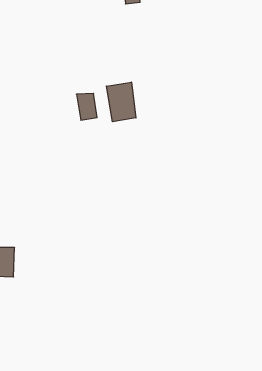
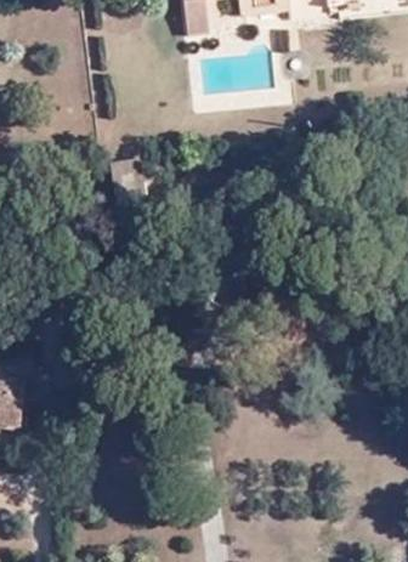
building: [106,82,136,122] -> none

